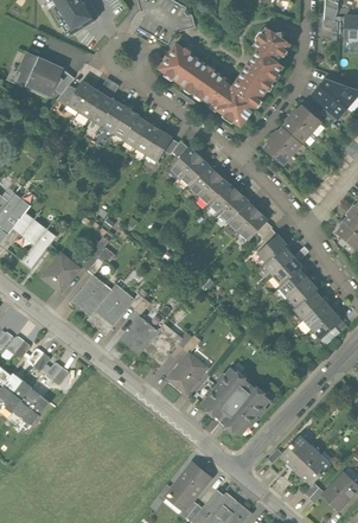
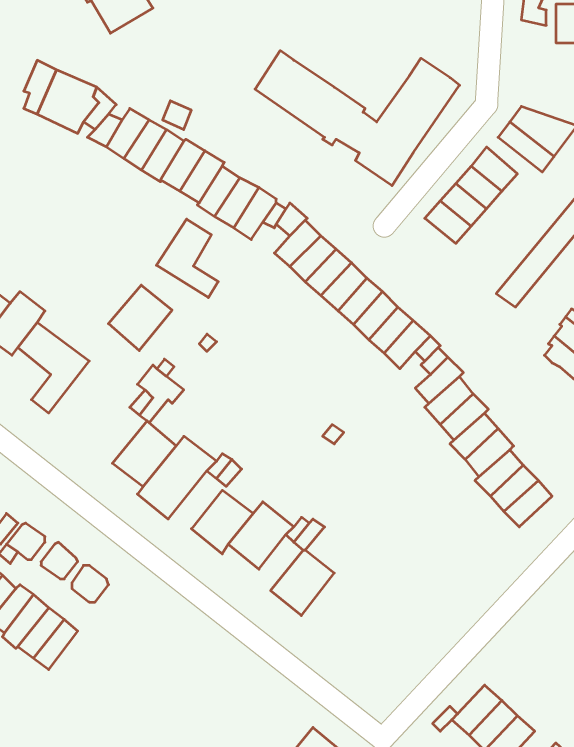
building: [255,28,292,62] -> none
building: none -> [156,219,218,298]
building: [41,251,81,292] -> [108,285,172,351]
building: [202,365,269,433] -> none

